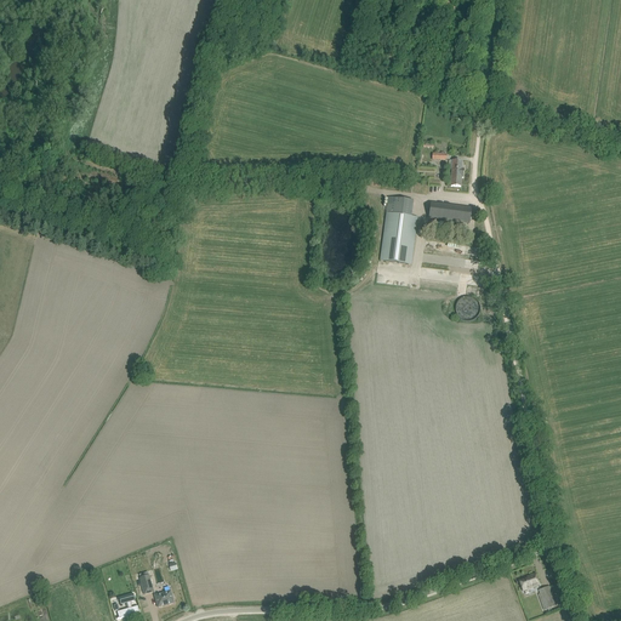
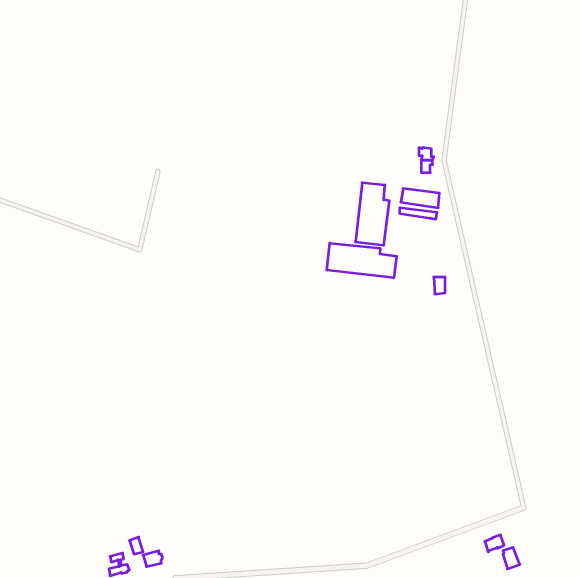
building: none -> [327,243,397,278]

